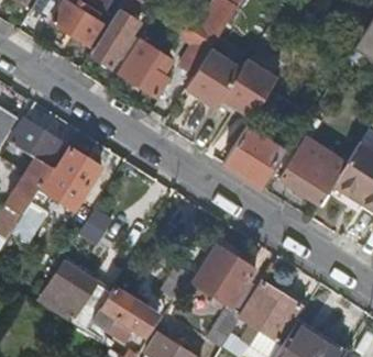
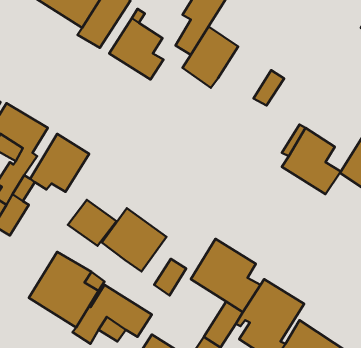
building: [220,55,272,113] -> none
building: [223,124,283,185] -> none
building: none -> [102,208,167,271]

